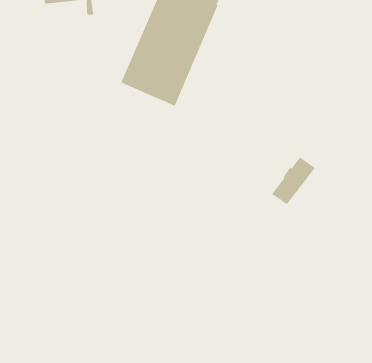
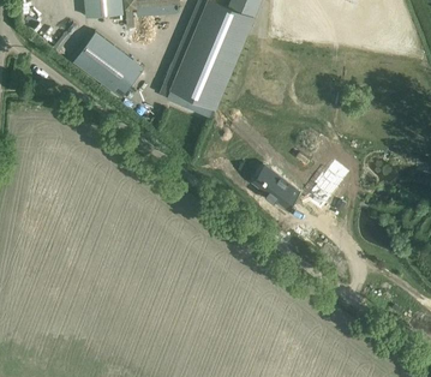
building: none -> [72,32,143,98]
building: none -> [257,170,298,205]

